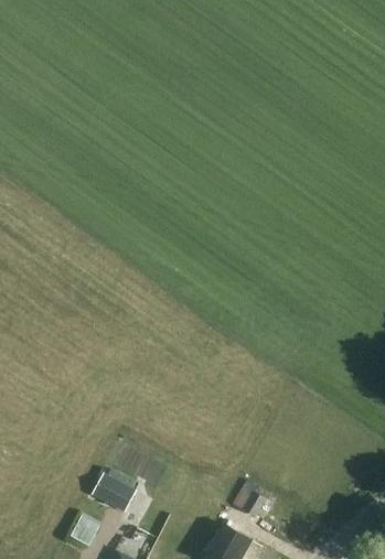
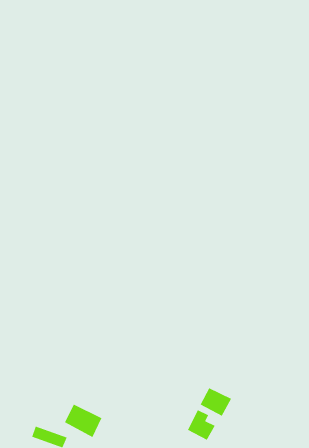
building: none -> [200,387,232,417]

